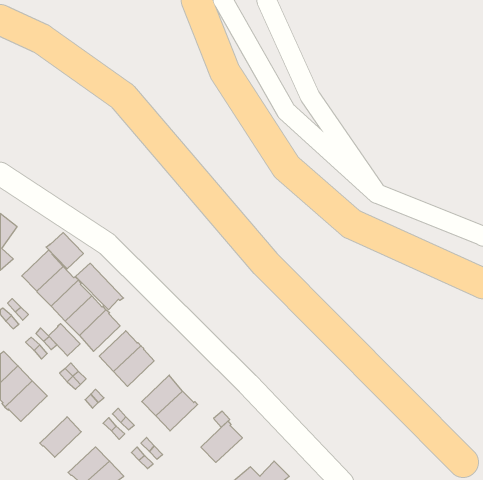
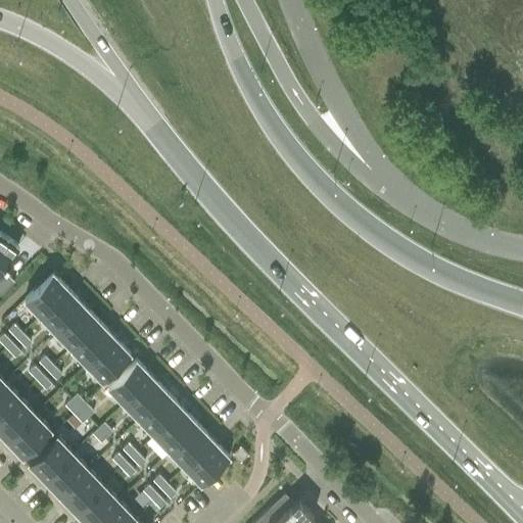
building: [46,233,83,269] -> none
building: [76,263,124,310] -> none
building: [49,324,80,356] -> none
building: none -> [138,393,183,437]
building: none -> [28,437,73,482]
building: [201,421,242,462] -> [184,440,229,485]
building: none -> [59,470,103,514]

